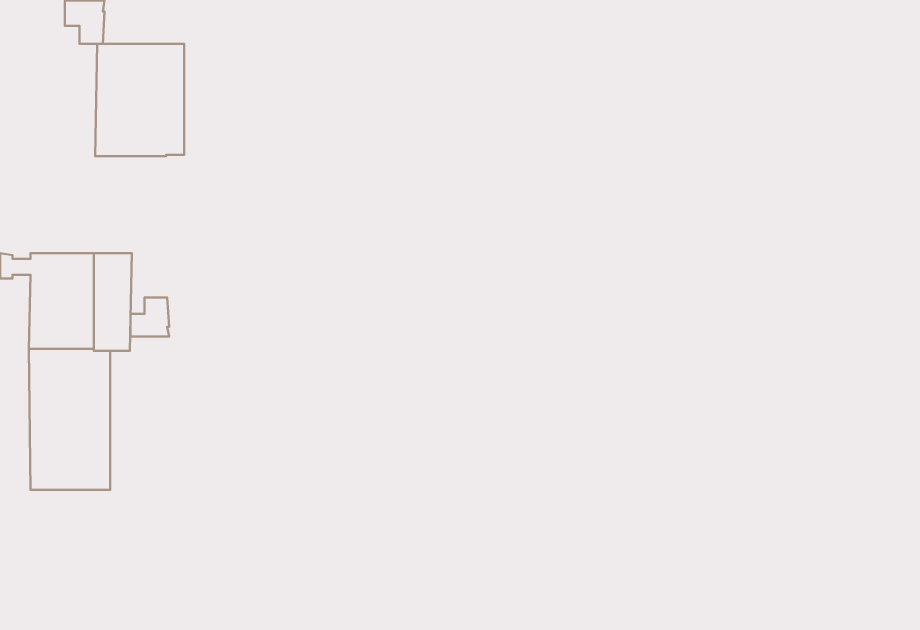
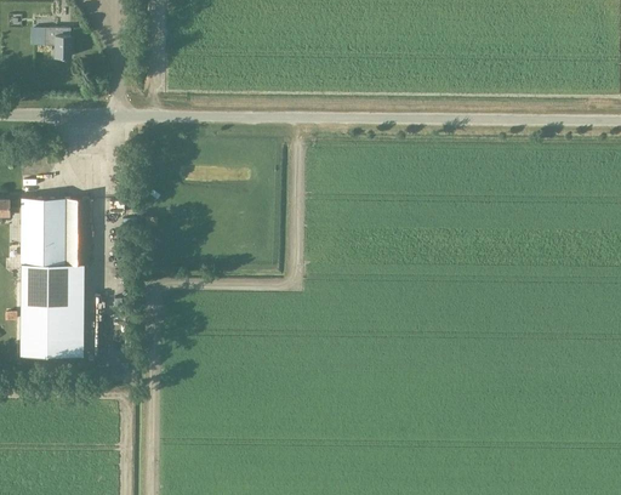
building: [95,44,184,156] -> none
building: [131,298,169,337] -> none

